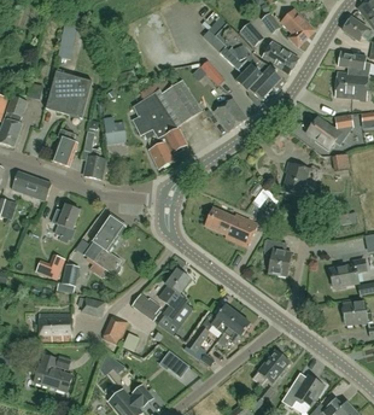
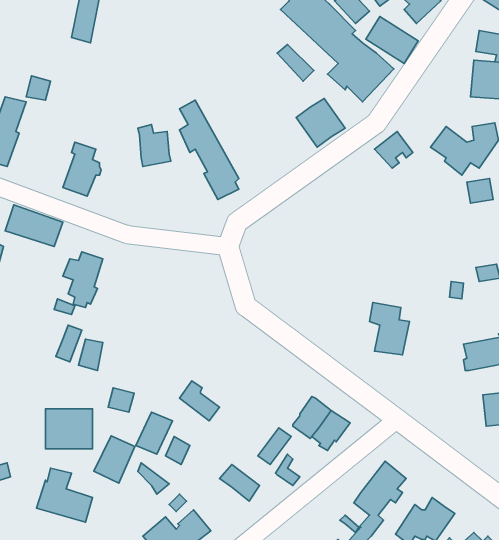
building: [46,70,93,118] -> none
building: [144,80,201,153] -> none
building: [84,130,105,179] -> none
building: [282,162,309,197] -> none
building: [205,206,258,247] -> none
building: [84,214,127,274] -> none
building: [159,268,189,318] -> none
building: none -> [94,436,135,483]

